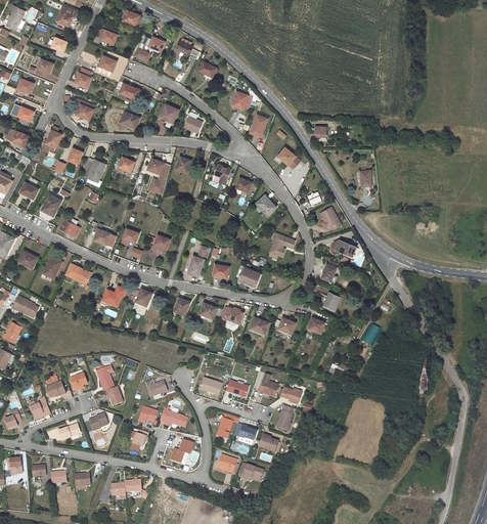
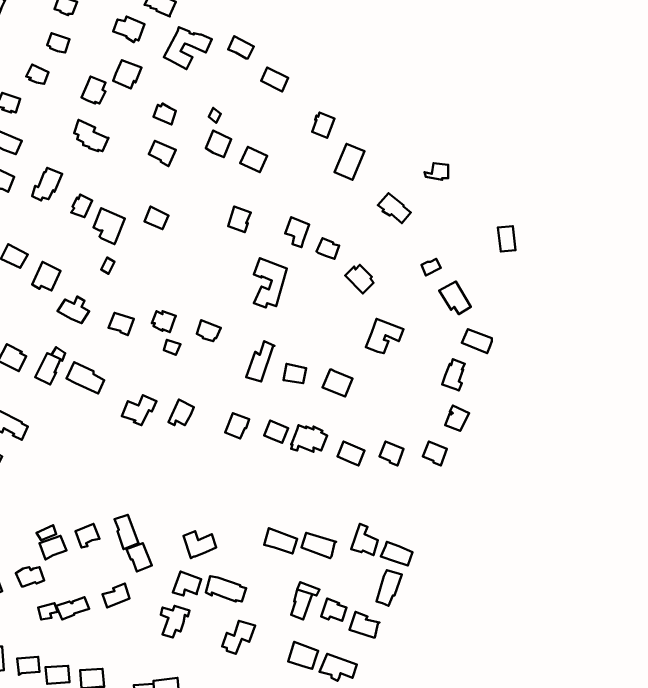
building: [147,159,170,192] -> [254,258,287,308]

